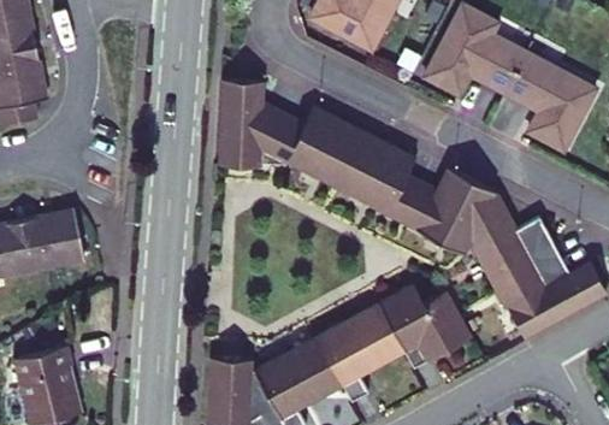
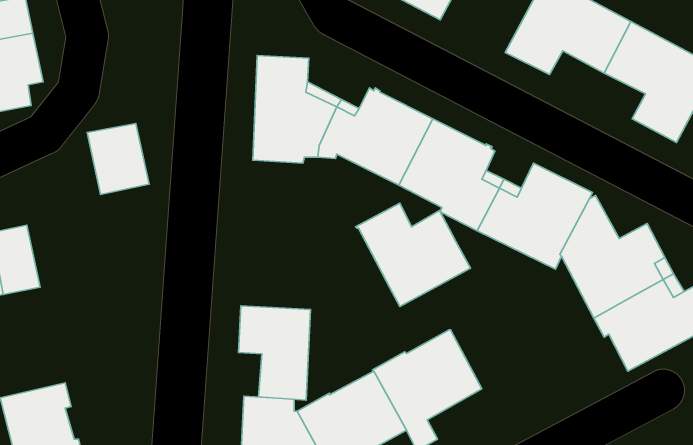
building: [34,211,84,268] -> [87,124,149,194]
building: [377,283,471,367] -> [355,203,471,306]
building: none -> [238,306,311,400]

